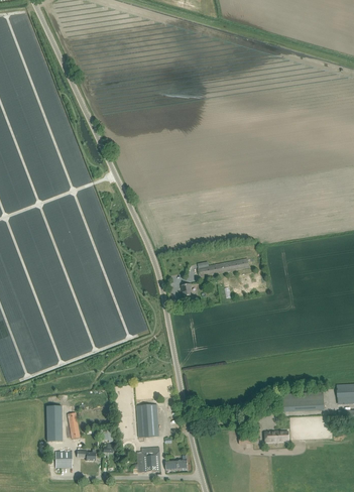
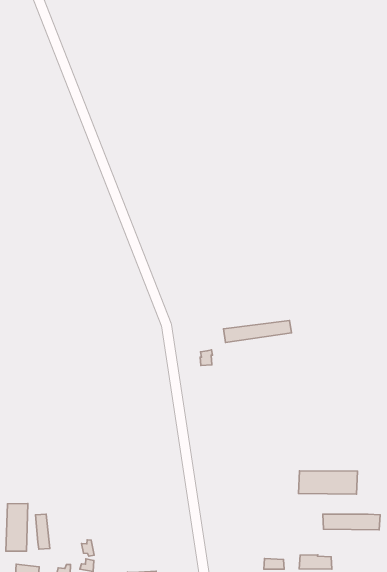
building: none -> [298,471,358,494]
building: [137,404,159,437] -> none

